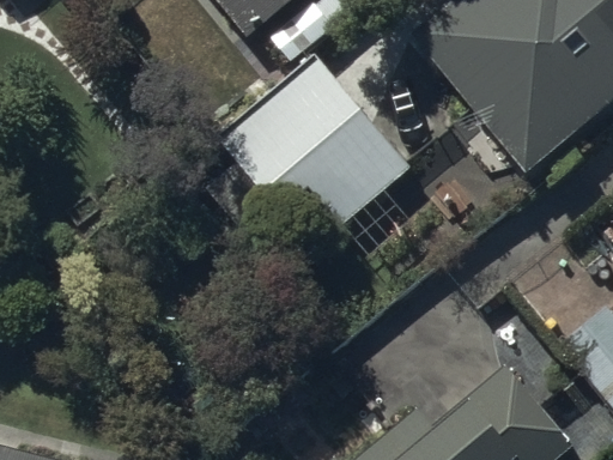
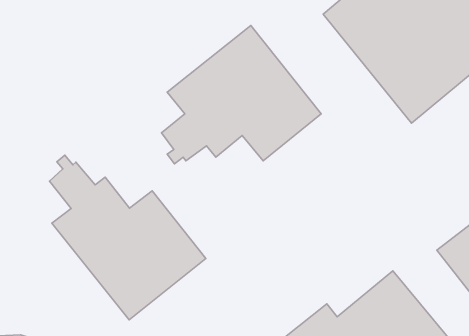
building: none -> [49,155,206,320]

